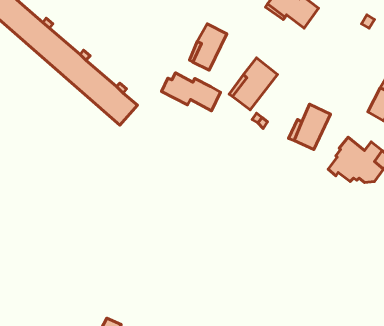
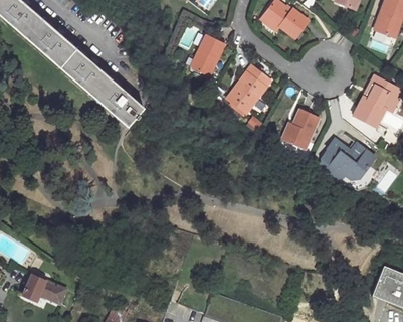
building: [162,73,221,111] -> none
building: none -> [22,274,65,303]

